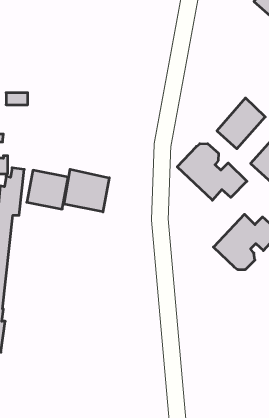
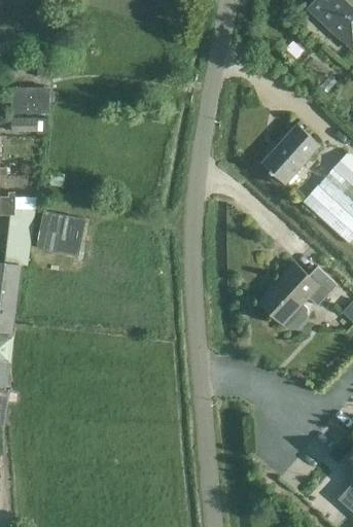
building: none -> [10,86,51,114]
building: [177,144,247,200] -> none
building: [64,169,109,212] -> none

